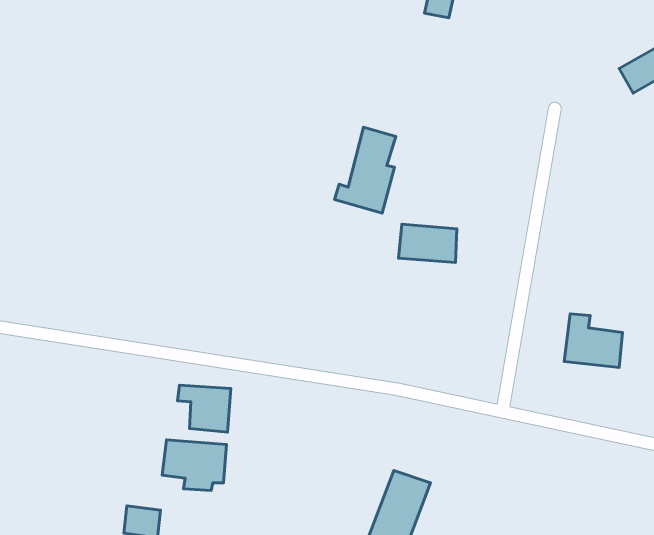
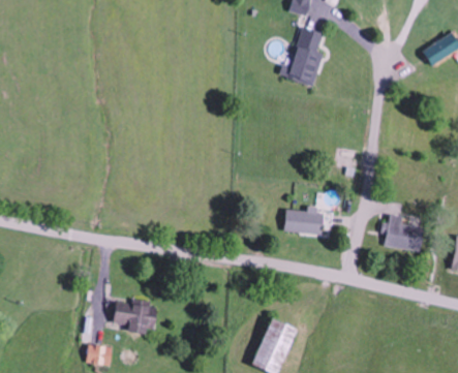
building: [335,127,396,213] -> [282,28,324,86]
building: [399,224,457,263] -> [284,209,324,235]
building: [178,385,231,432] -> none

